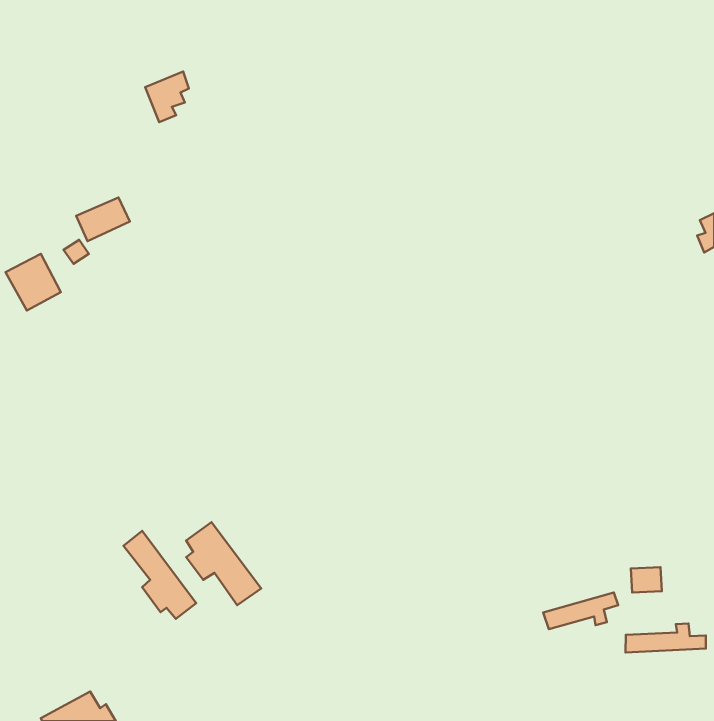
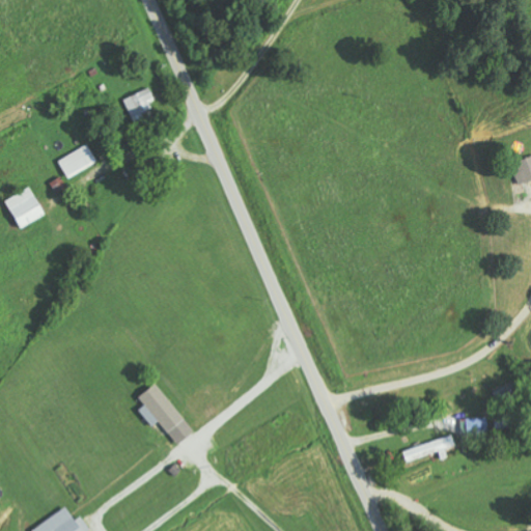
building: [145,71,189,122] -> [120,87,152,124]
building: [123,531,196,619] -> none
building: [626,623,706,652] -> none

